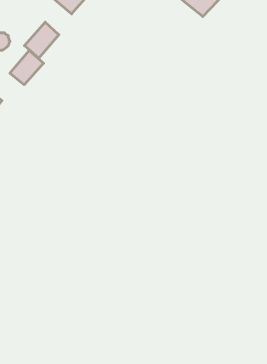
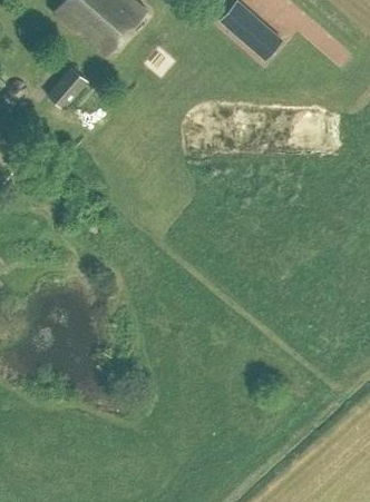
building: [10,51,44,85] -> none

